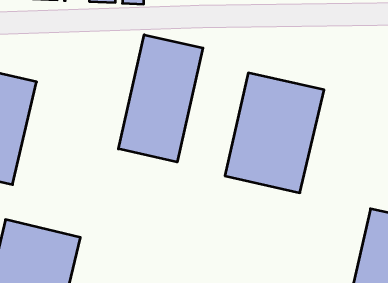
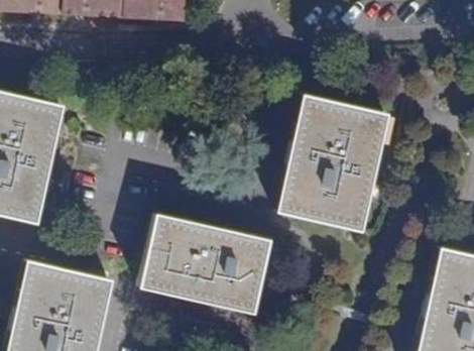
building: [118,35,203,162] -> none
building: none -> [142,216,270,314]

